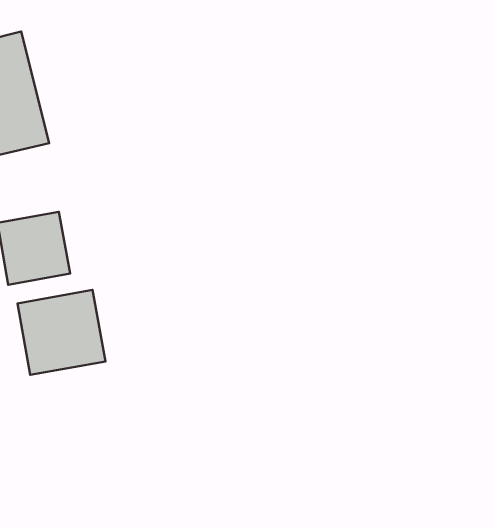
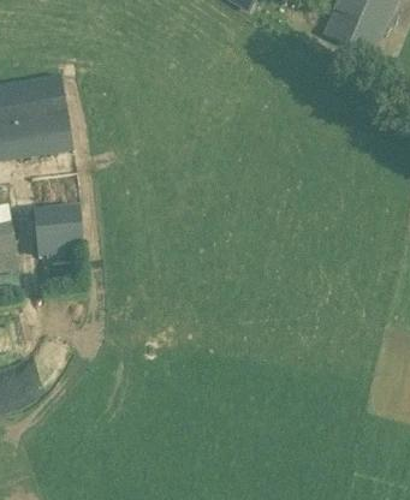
building: [17,290,105,375] -> none

